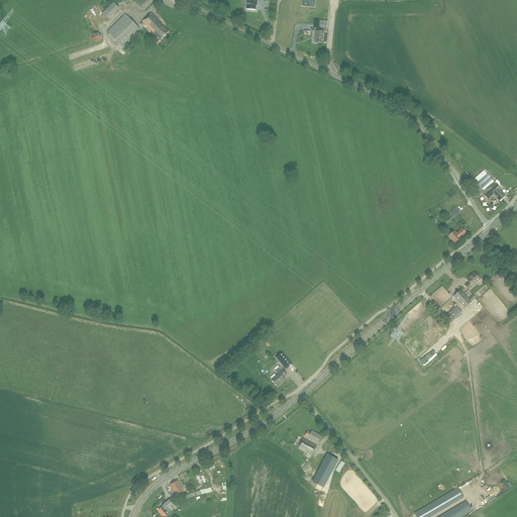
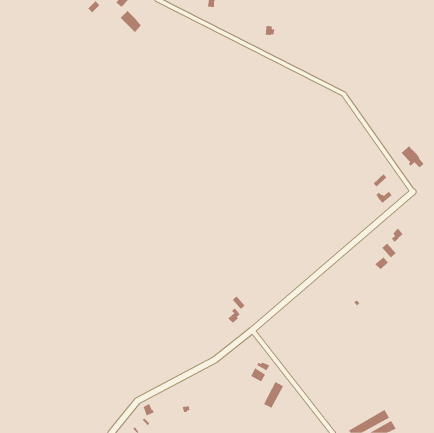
building: [107,13,140,46] -> none

